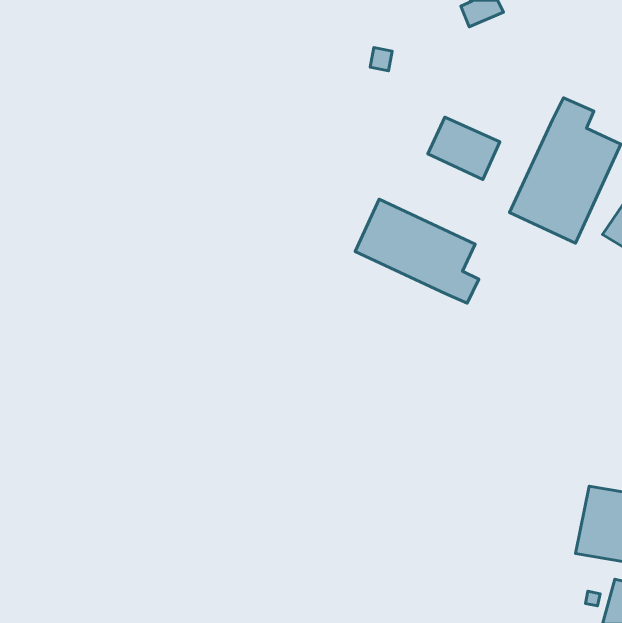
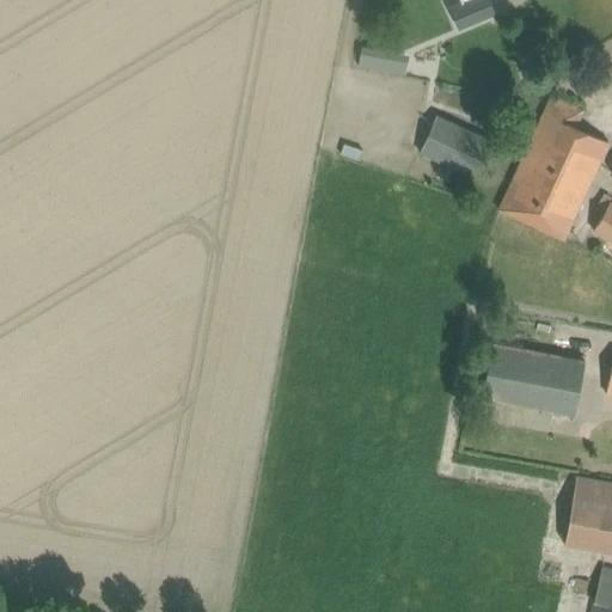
building: [355,199,479,303] -> none
building: none -> [479,344,588,429]

